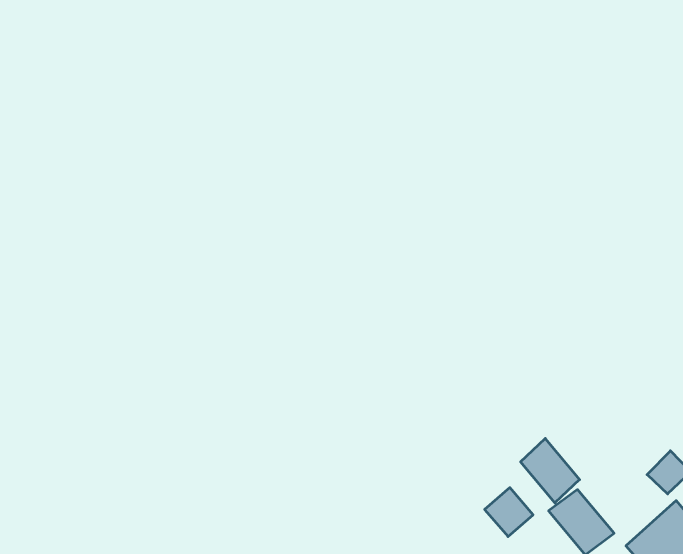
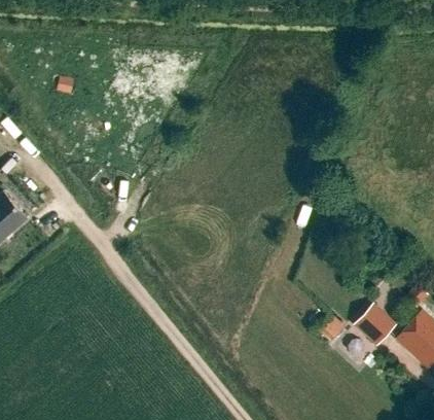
building: [521,438,580,503] -> none

